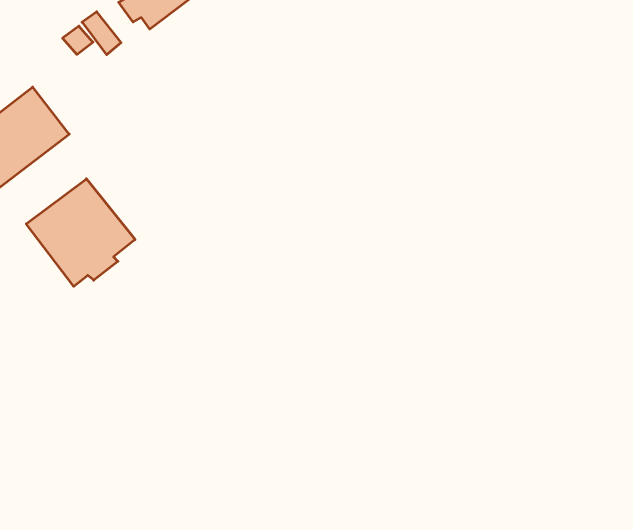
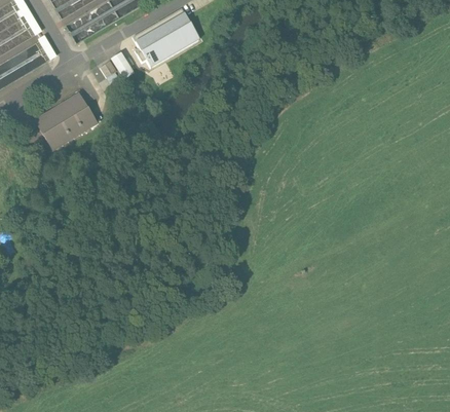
building: [26,179,135,286] -> none

